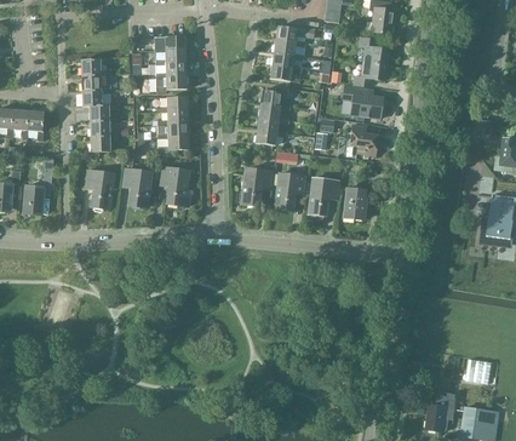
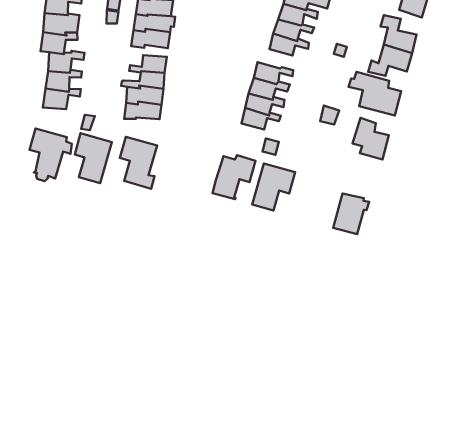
building: [308,177,338,214] -> none

